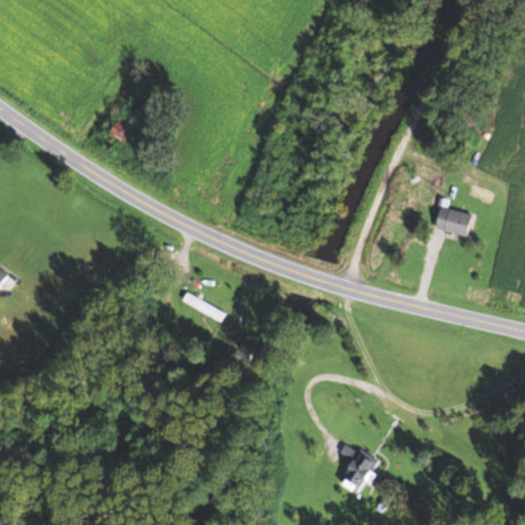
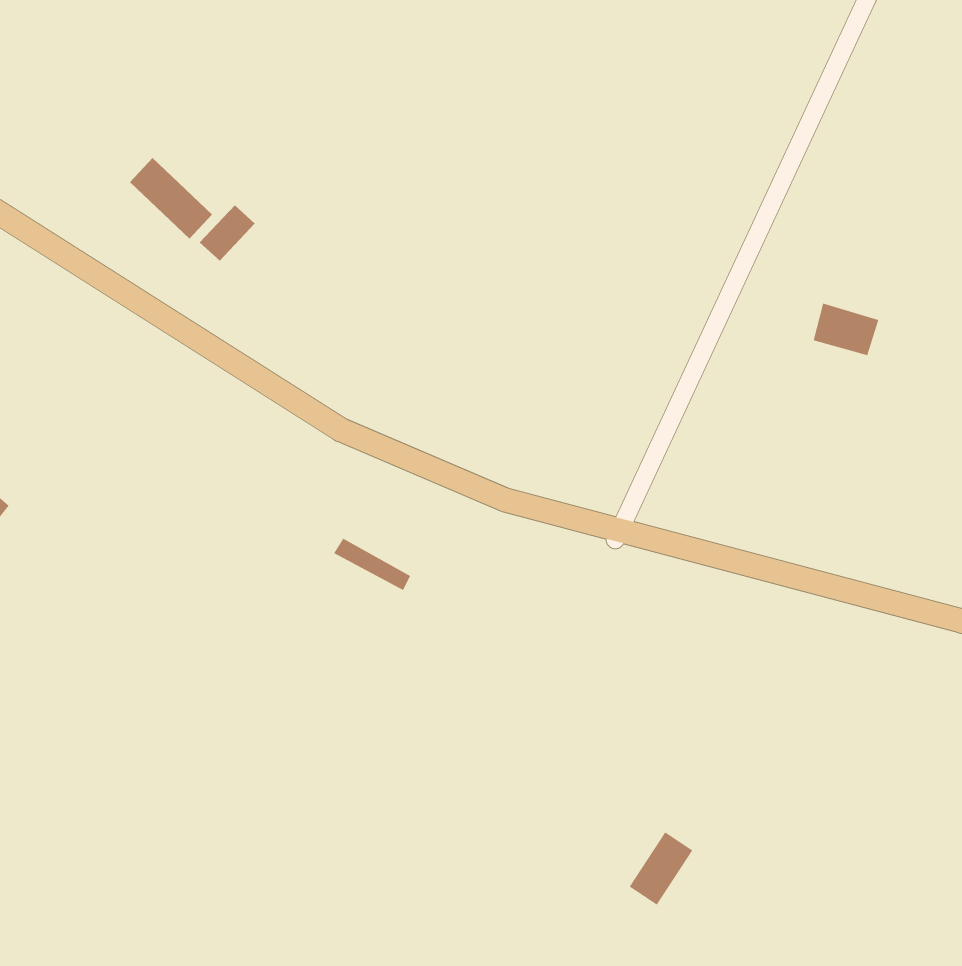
building: none -> [129,157,213,239]
building: [435,207,471,236] -> [813,303,879,356]

